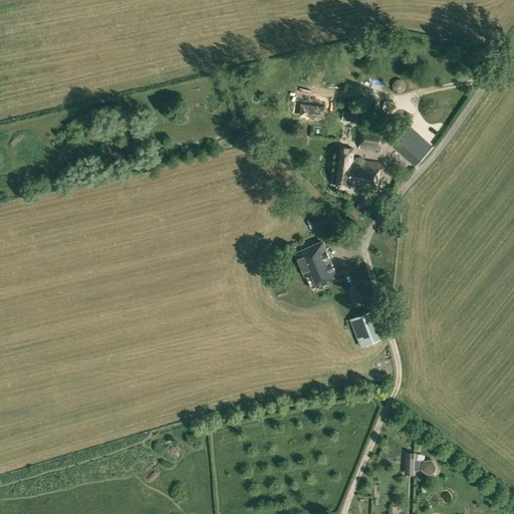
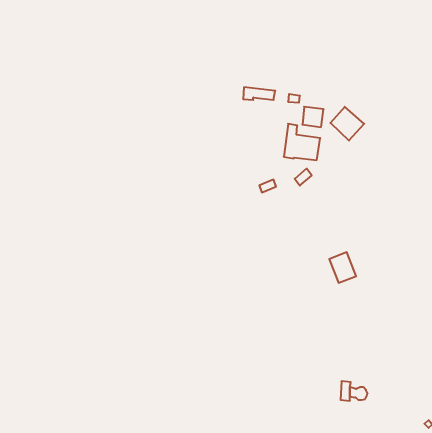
building: [295,242,336,289] -> none
building: [348,310,380,346] -> [329,252,356,283]

